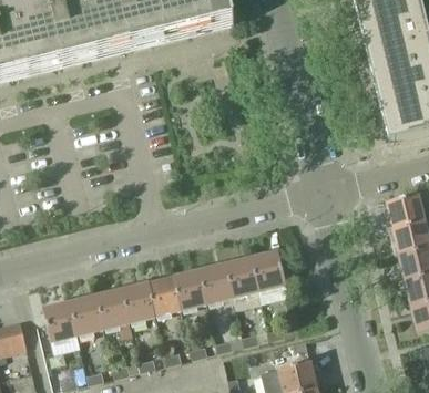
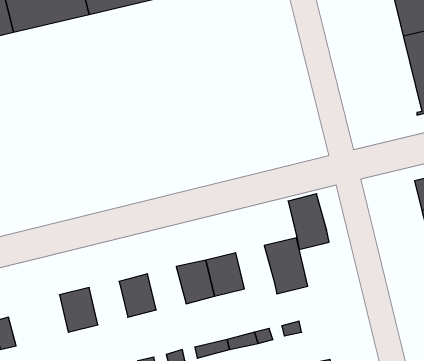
building: [226,258,263,308] -> [288,194,329,249]
building: [147,277,182,316] -> none
building: [95,290,133,338] -> none
building: [43,302,76,341] -> none

